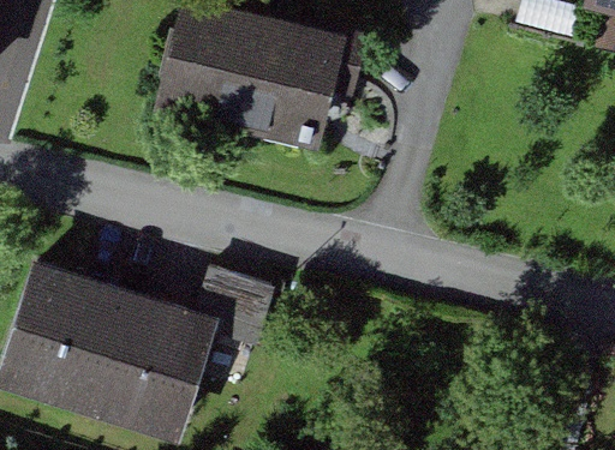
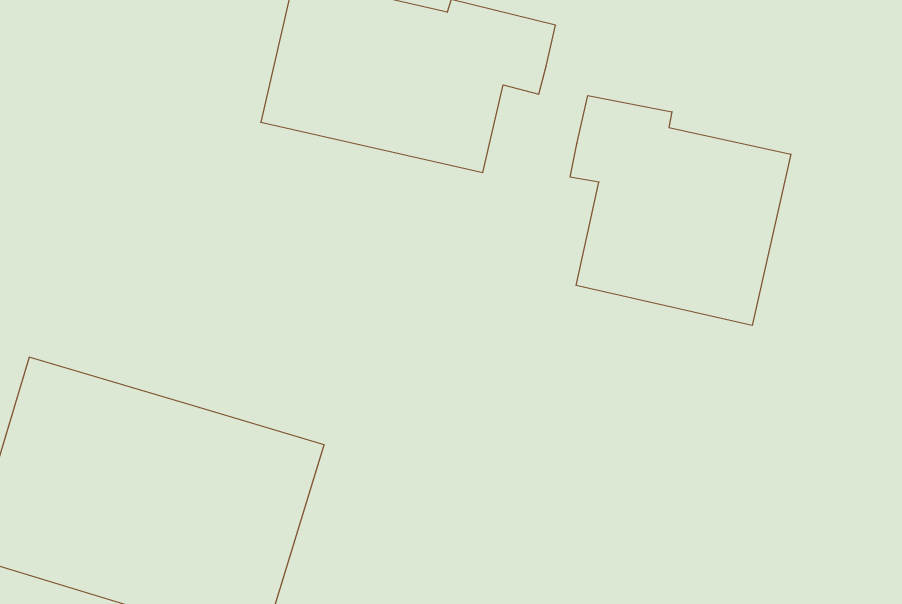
building: none -> [570,96,791,325]

